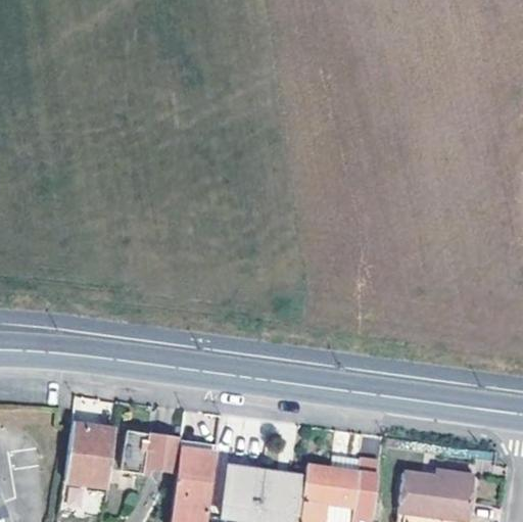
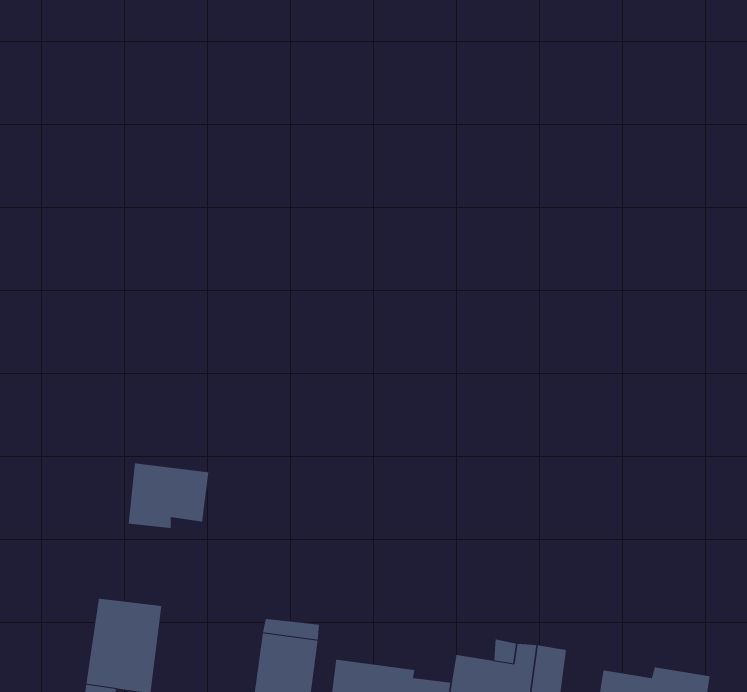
building: [124,430,177,473] -> [128,463,209,529]

